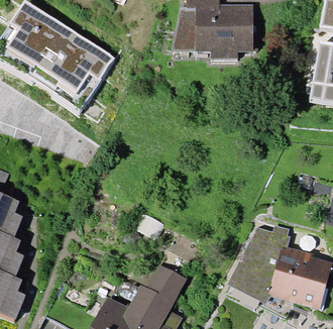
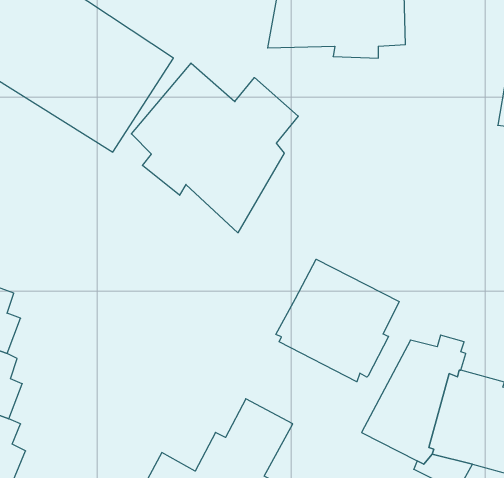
building: none -> [131,63,298,233]
building: none -> [276,259,399,382]

